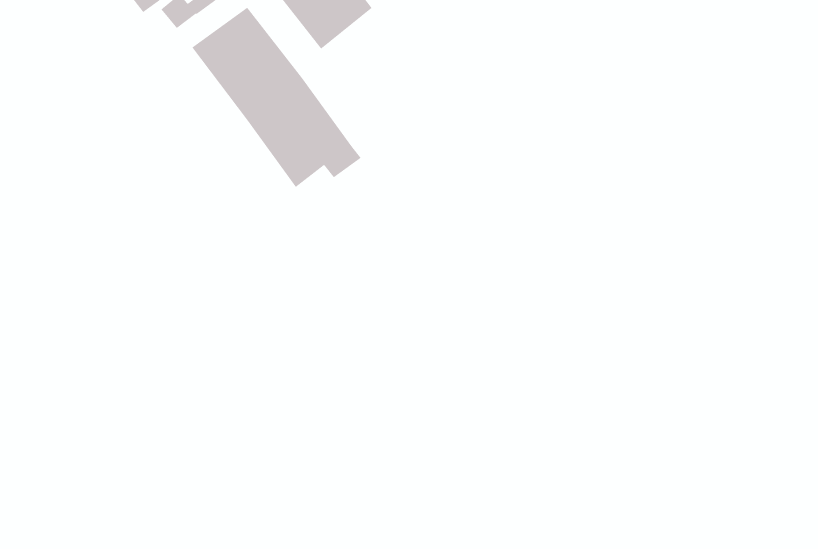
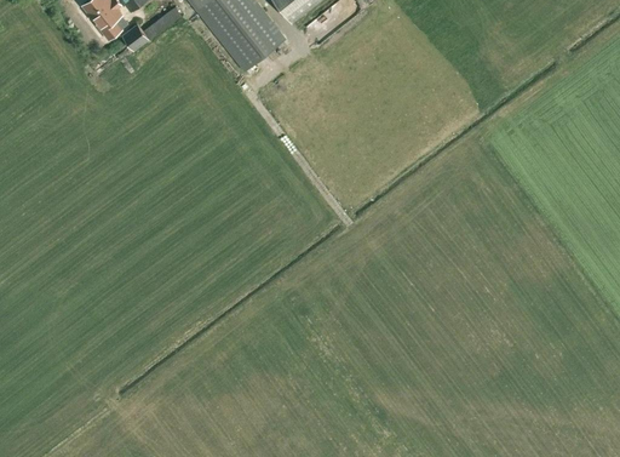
building: [192,7,362,188] -> none

